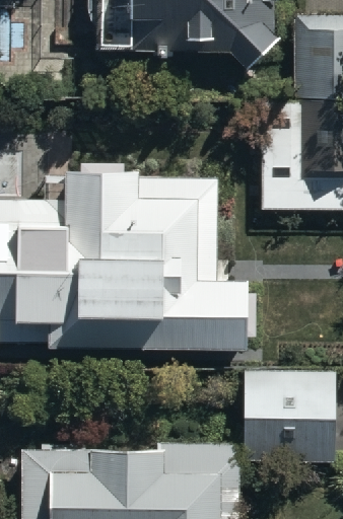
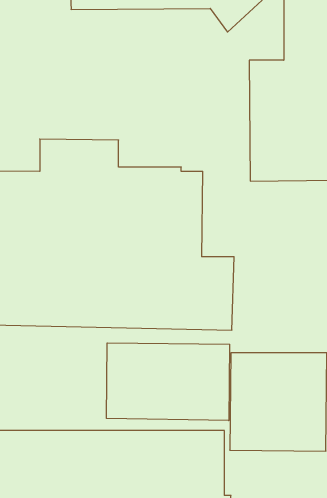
building: none -> [106,343,230,421]

